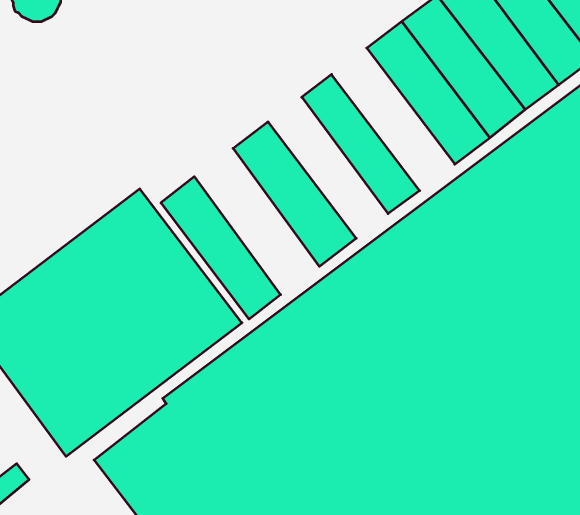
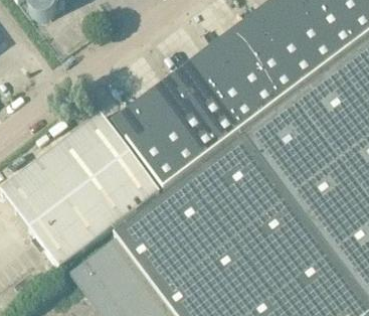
building: none -> [210,32,281,114]
building: none -> [174,60,242,141]
building: none -> [132,90,203,173]

